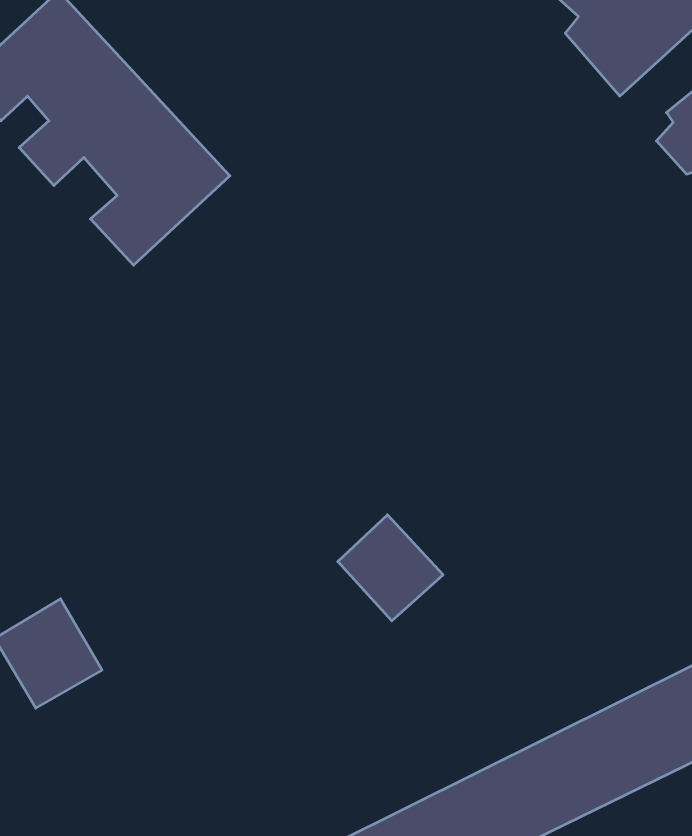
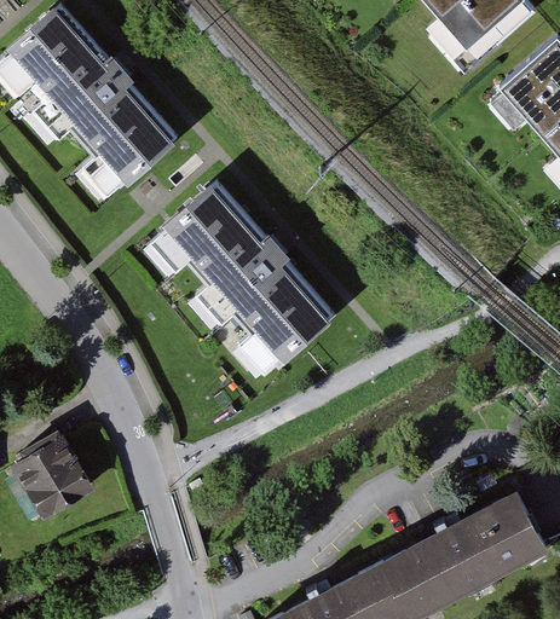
building: none -> [146,179,342,378]
building: [338,515,443,621] -> none

